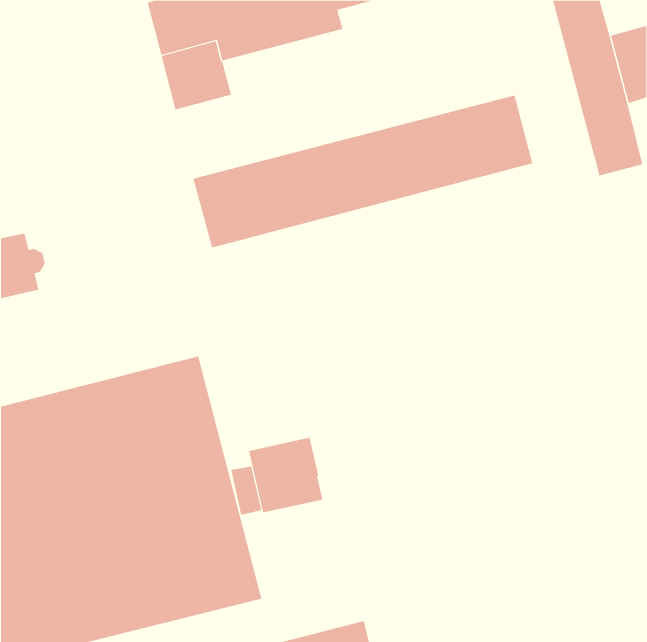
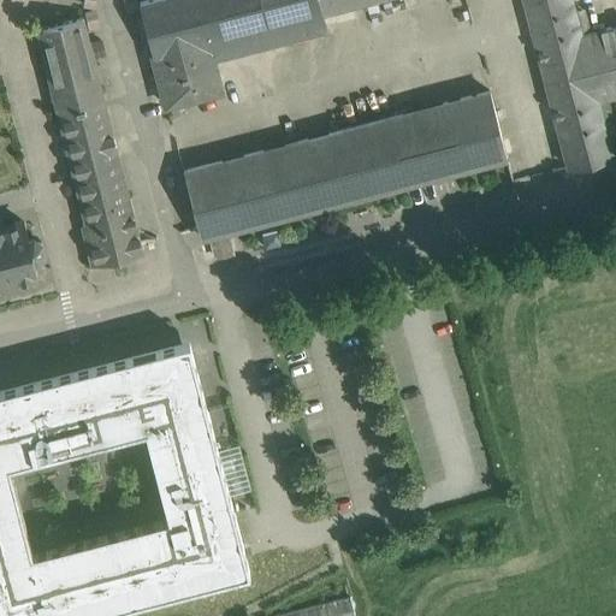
building: none -> [35,22,142,268]
building: [248,437,323,513] -> none

